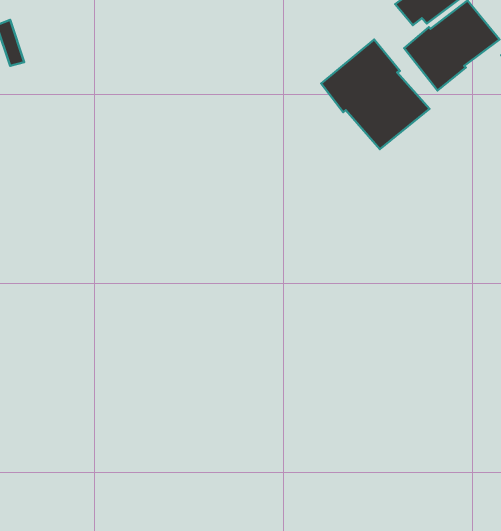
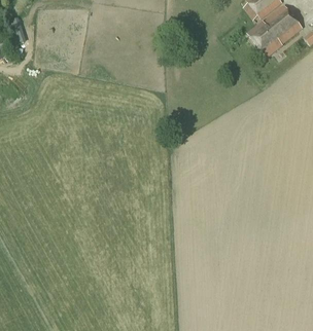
building: [321,40,430,149] -> none

